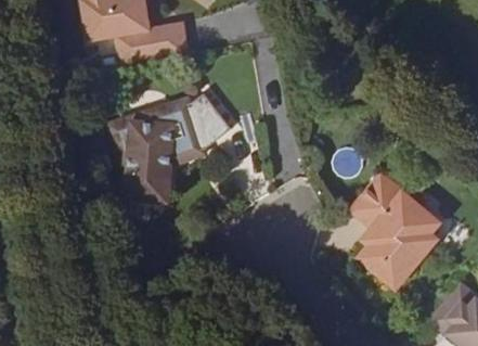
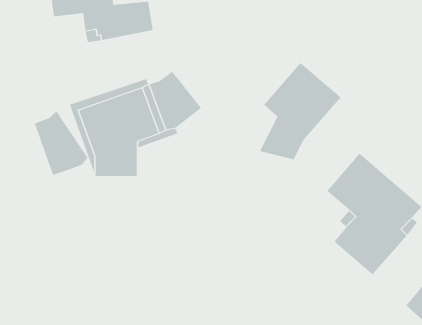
building: none -> [259,62,341,160]
building: none -> [34,110,88,176]

